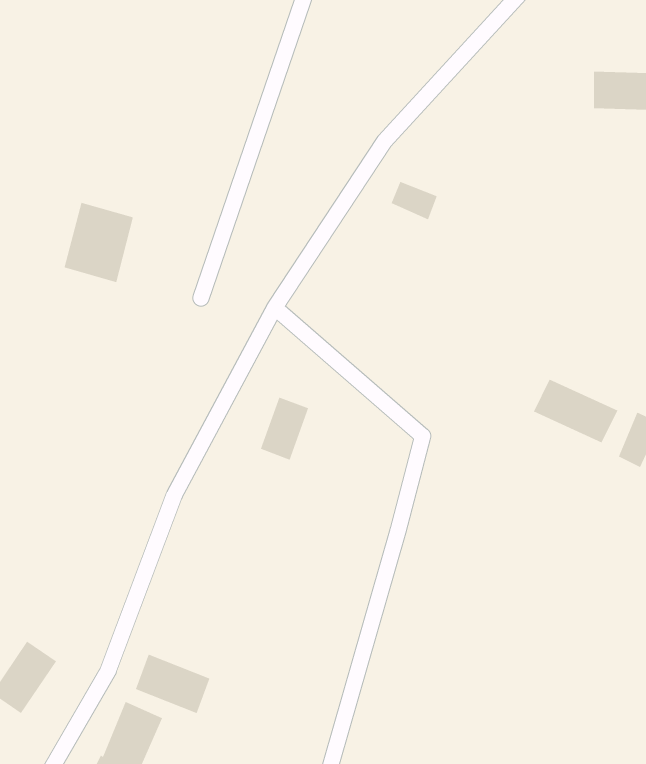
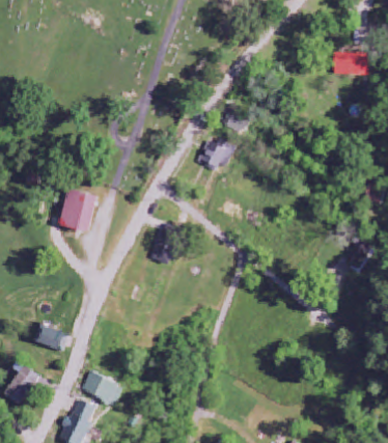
building: [64,202,134,283] -> [59,189,98,233]
building: none -> [197,135,235,170]
building: [533,378,618,443] -> none
building: none -> [33,325,68,352]

